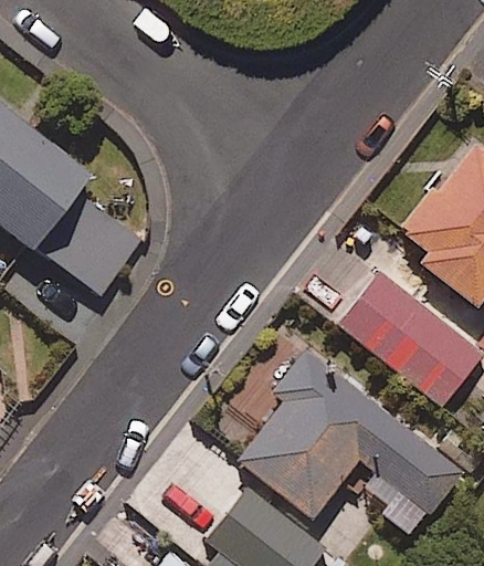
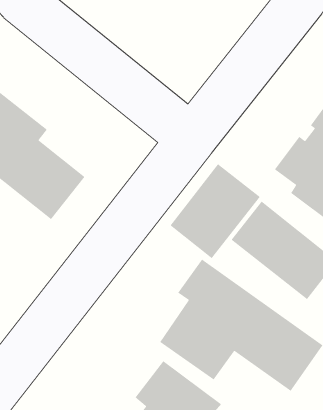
building: none -> [170,163,261,259]

